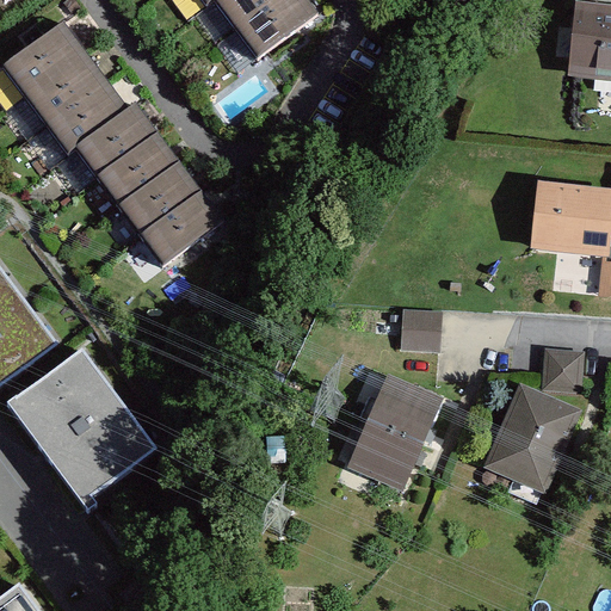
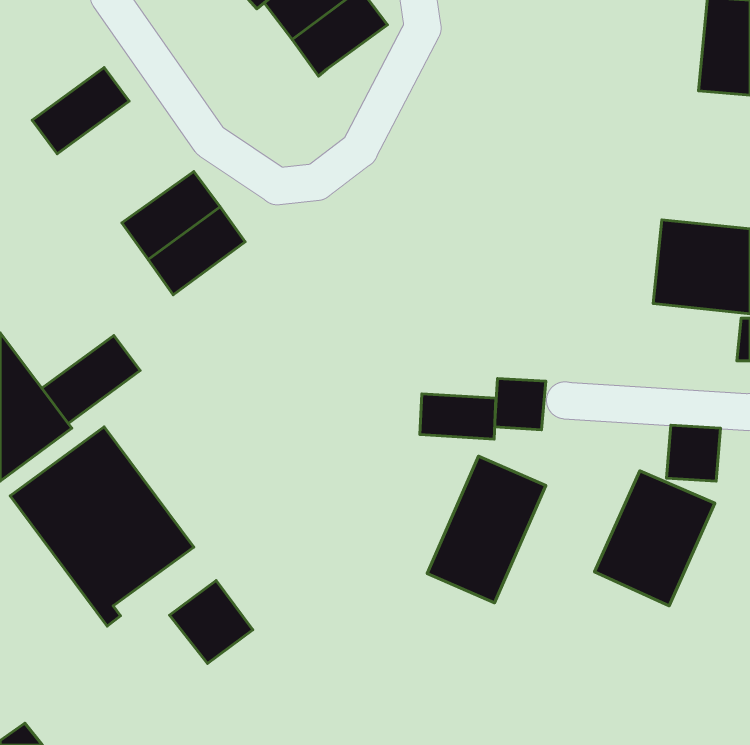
building: [6,27,85,98] -> none
building: [47,82,125,154] -> none
building: [78,110,158,181] -> none
building: [141,197,221,269] -> [42,335,140,423]
building: none -> [420,394,496,439]
building: none -> [169,581,253,664]

